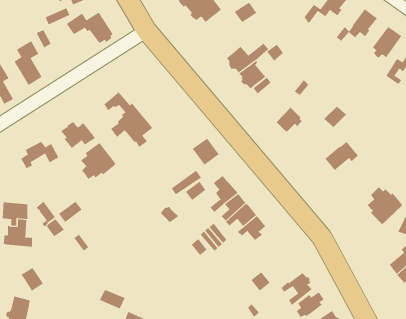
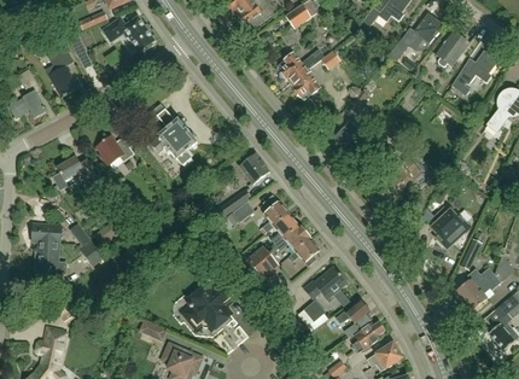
building: [80,142,116,180] -> none
building: none -> [303,266,346,298]
building: none -> [187,278,235,330]

